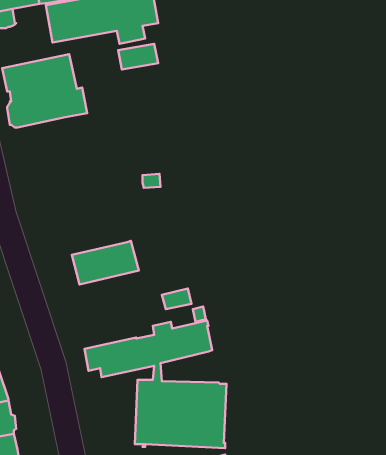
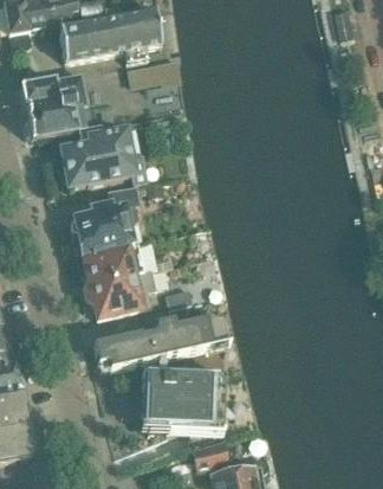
building: none -> [60,123,138,186]
building: none -> [70,184,139,256]
building: none -> [85,269,156,319]

